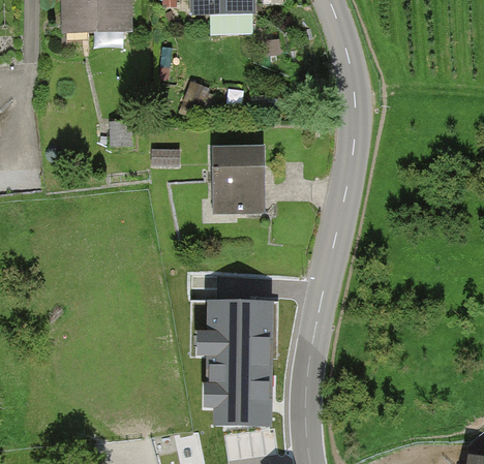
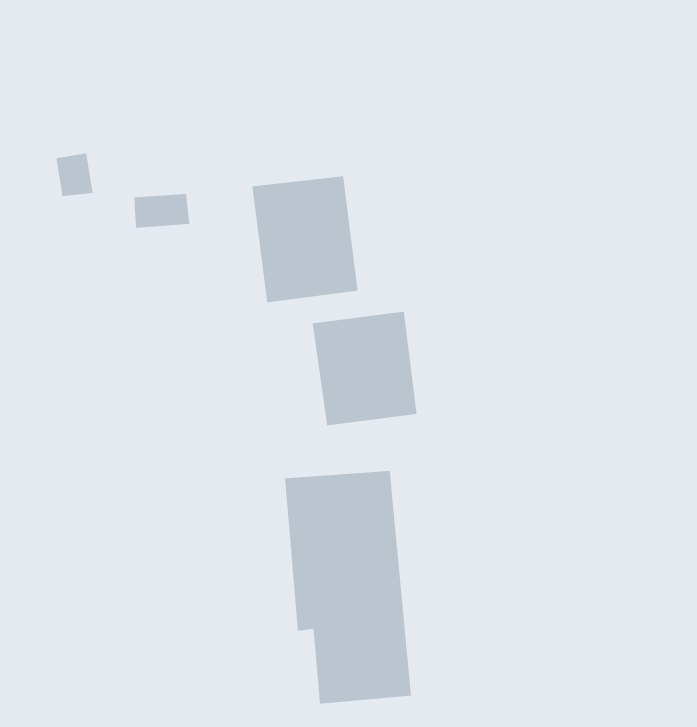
building: none -> [312,311,418,426]

